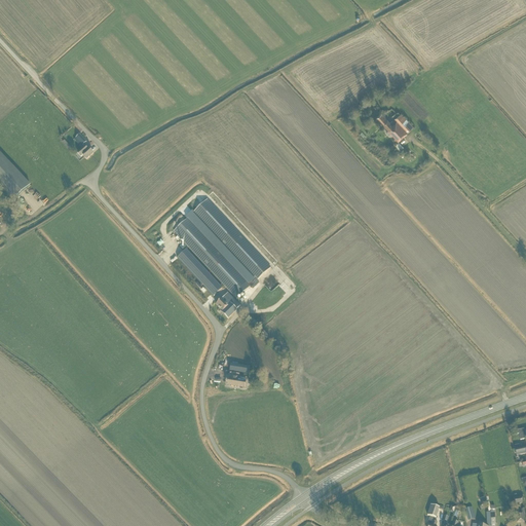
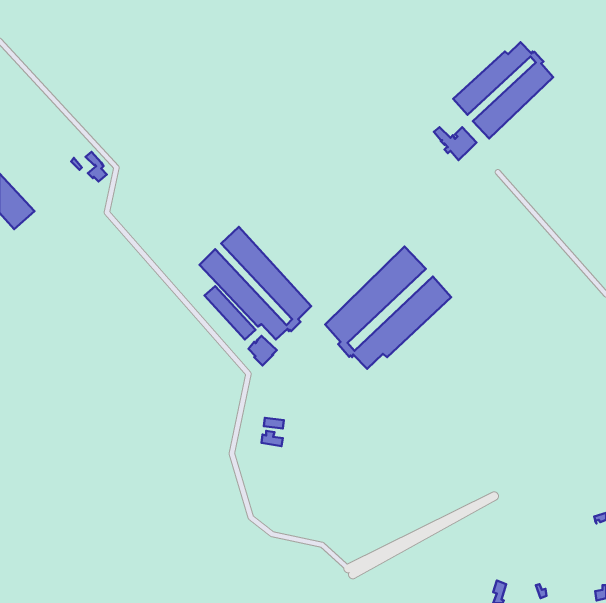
building: none -> [453,42,553,139]
building: none -> [325,247,451,369]

